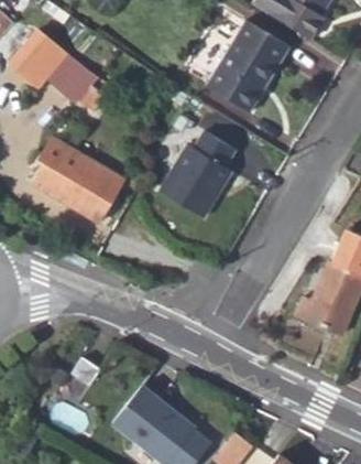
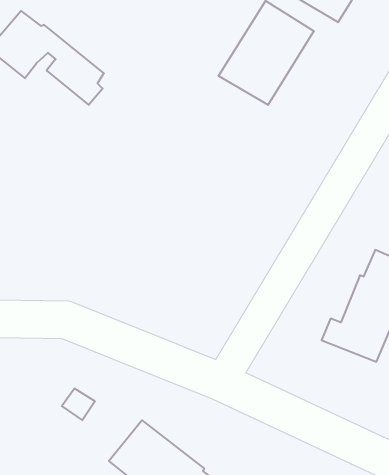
building: [166,133,238,218] -> none
building: [32,139,123,223] -> none

